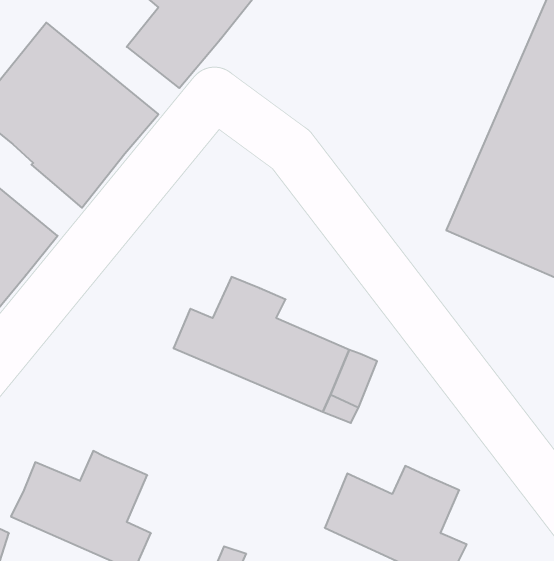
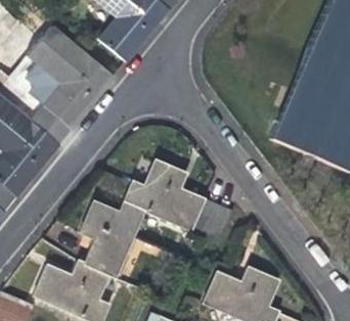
building: none -> [80,202,142,276]

